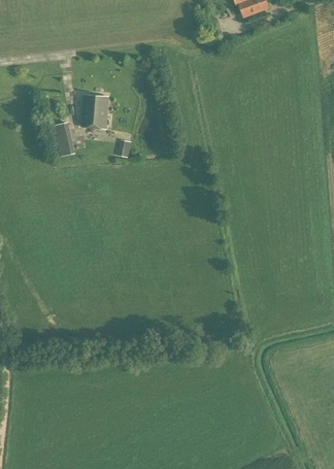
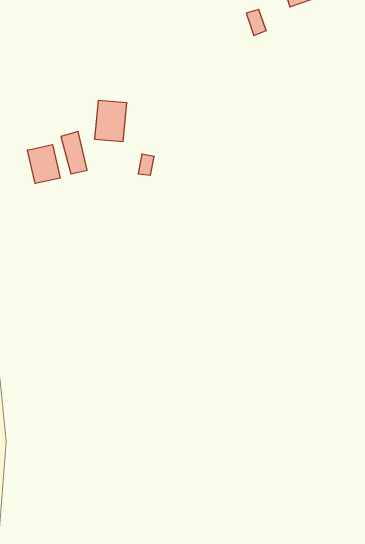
building: none -> [27,145,60,184]

